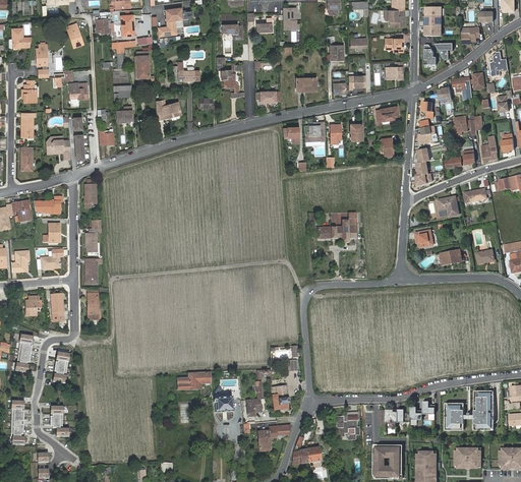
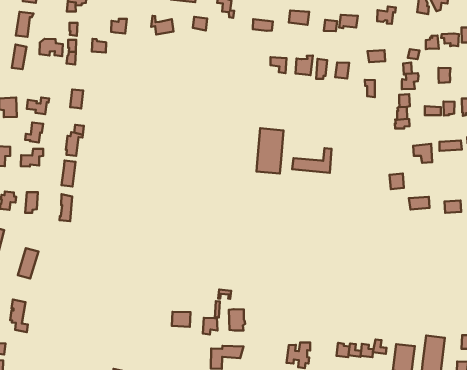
building: none -> [256,128,284,174]
building: [177,372,210,389] -> none

